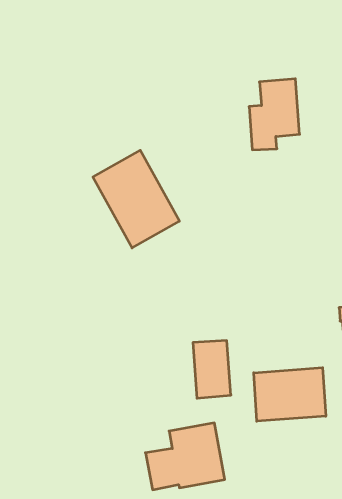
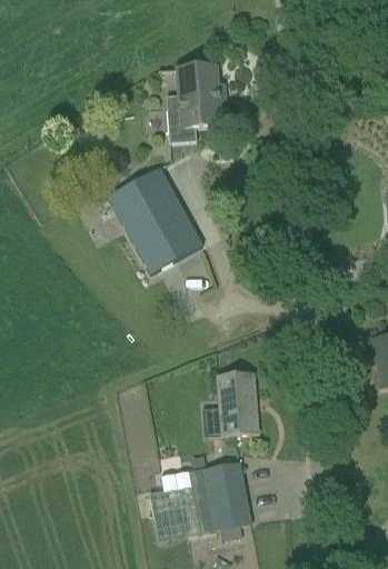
building: [249,79,300,150] -> [167,64,221,141]
building: [254,368,326,421] -> none

